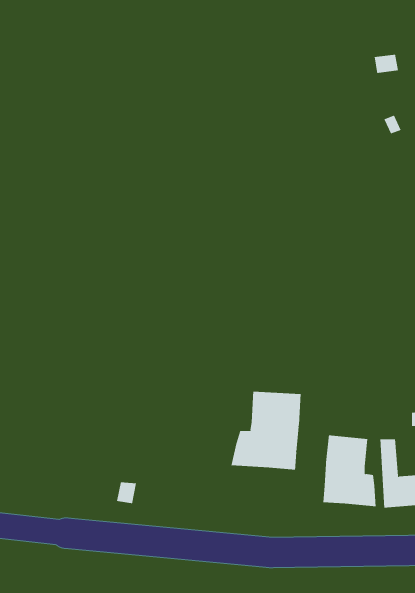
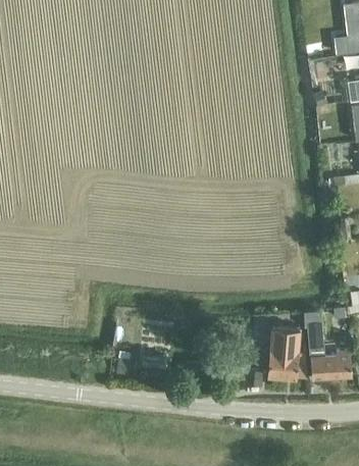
building: [231,391,301,471] -> none

